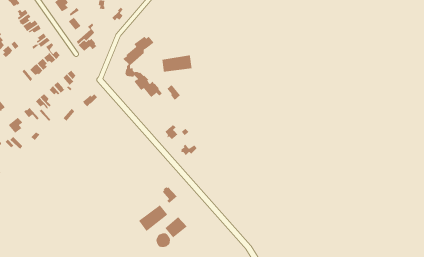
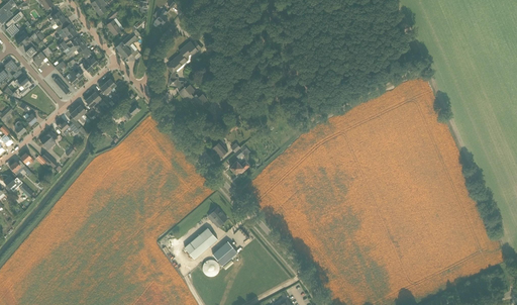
building: [162,55,192,73] -> none

